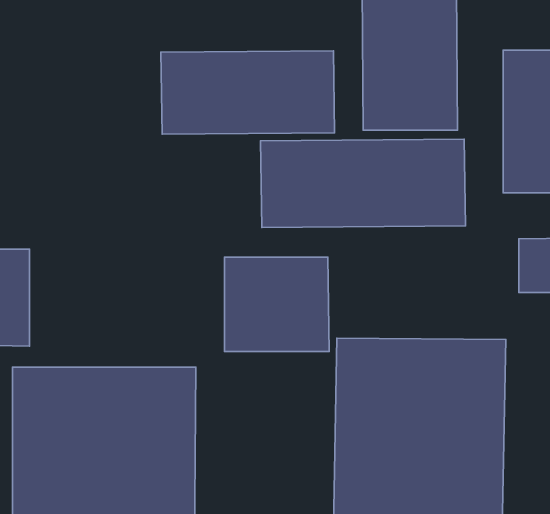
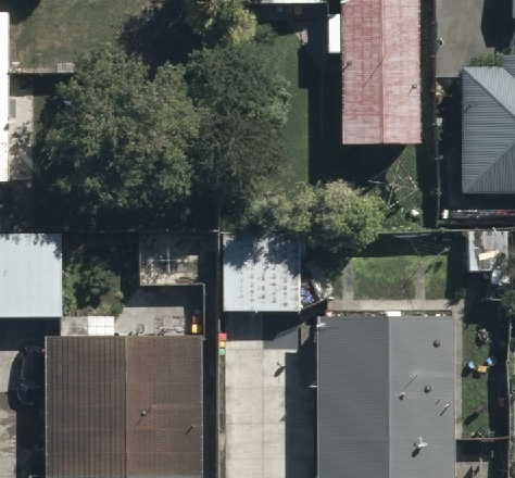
building: [161,51,335,134] -> none
building: [260,139,466,227] -> none

